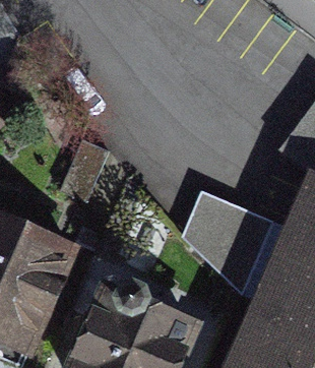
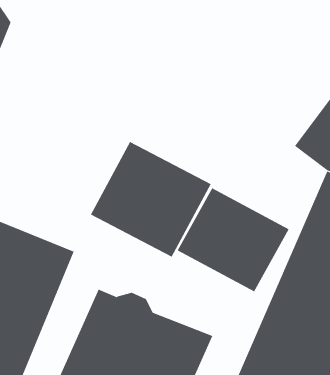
building: none -> [90,141,211,257]

